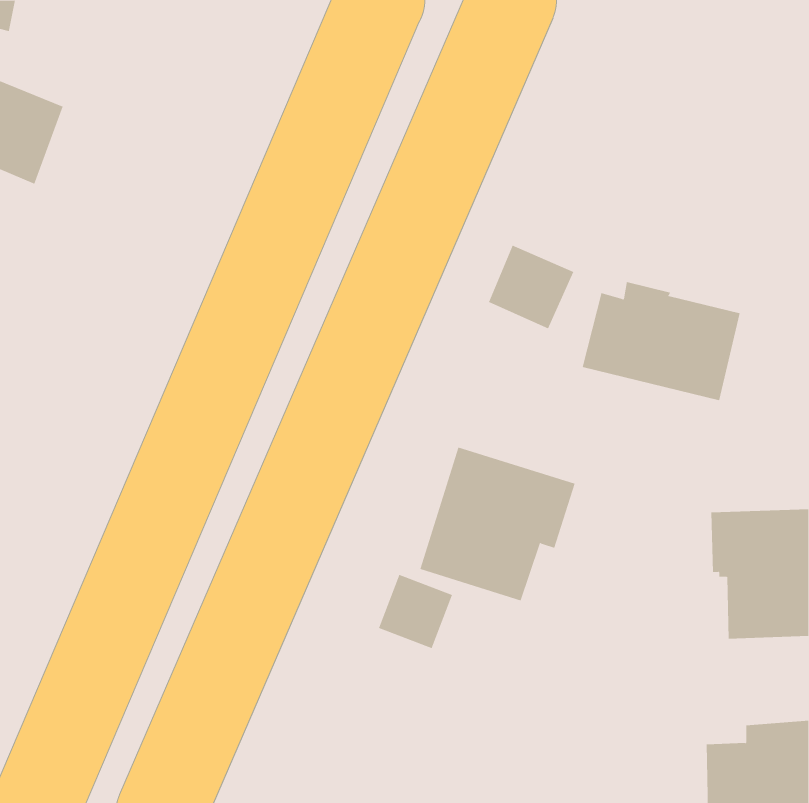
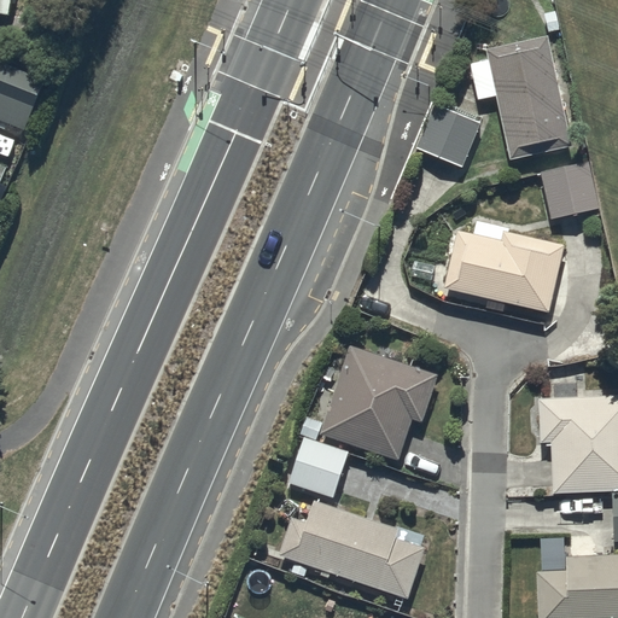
building: none -> [485,35,571,158]
building: none -> [540,161,599,220]
building: [488,245,574,329] -> [416,104,482,168]
building: none -> [279,500,425,597]

